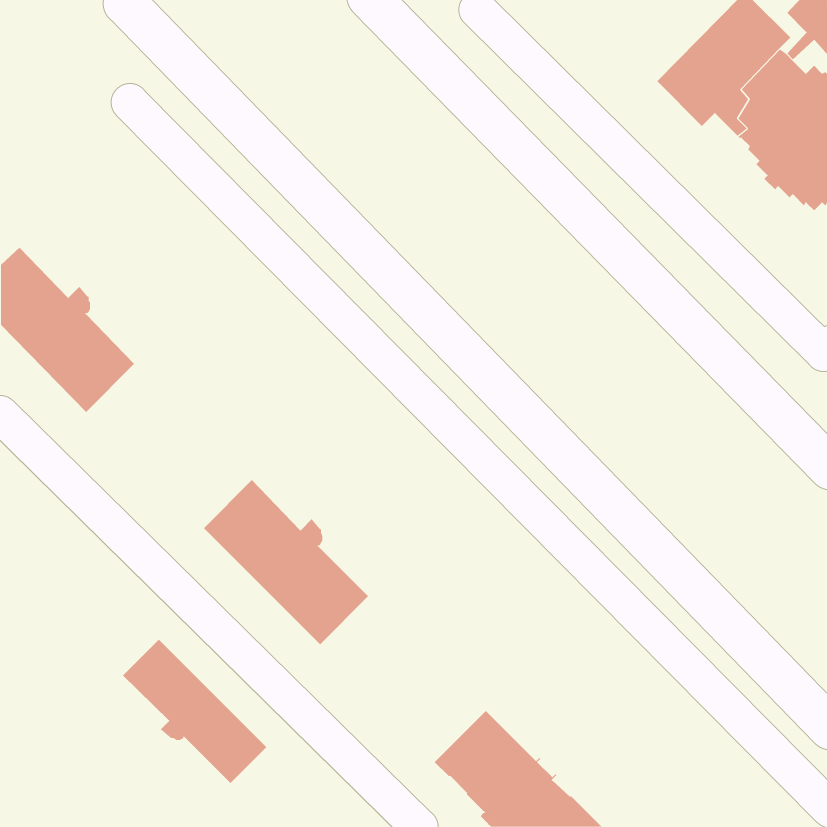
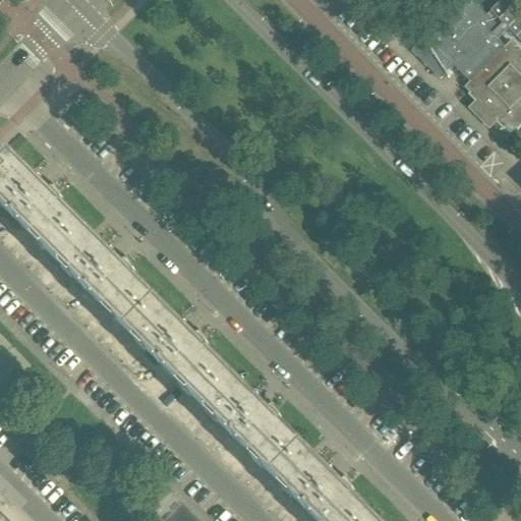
building: none -> [56,228,160,331]
building: none -> [202,373,306,477]
building: [122,639,267,784] -> none

